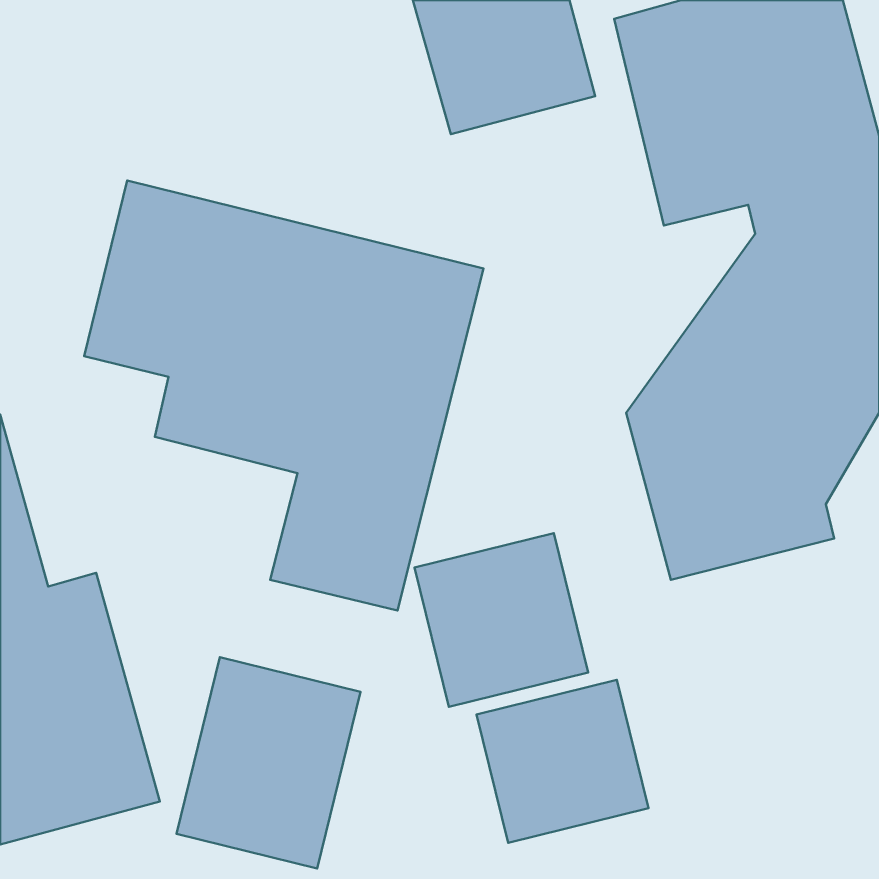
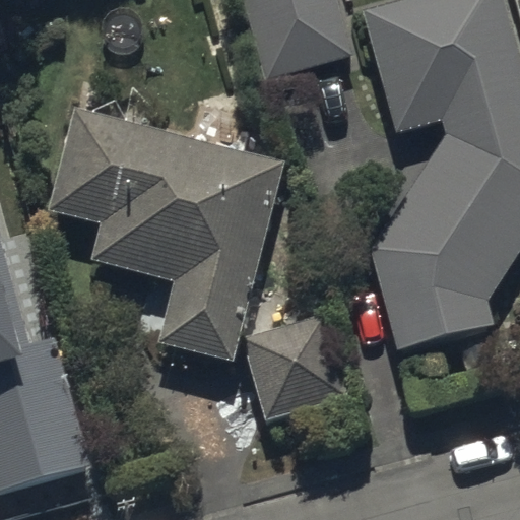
building: [176,657,361,868] -> none
building: [476,680,649,843] -> none

